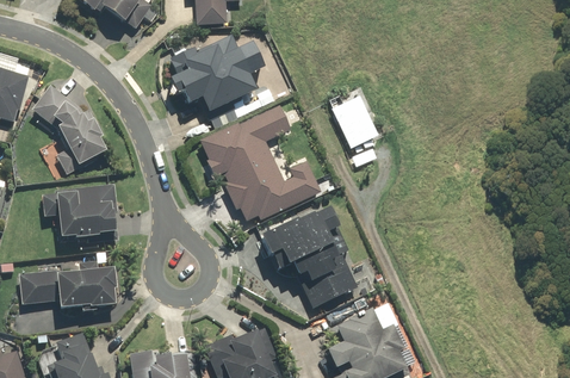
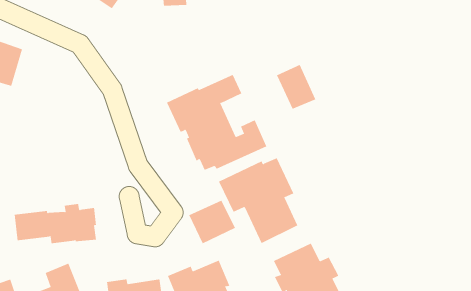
building: [168,43,258,111] -> none
building: [31,85,109,174] -> none
building: [39,184,118,236] -> none
building: none -> [189,200,236,244]

